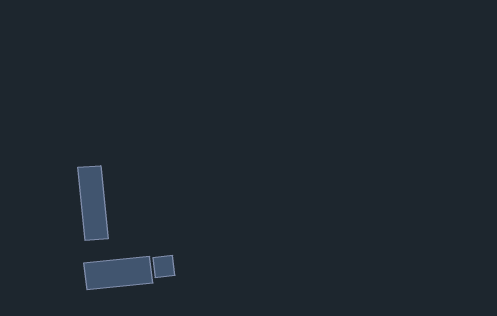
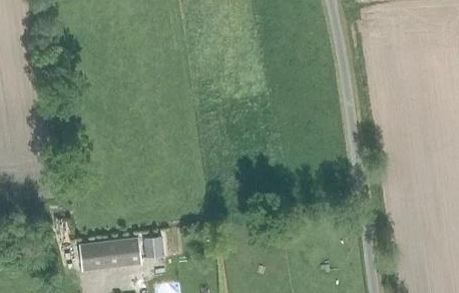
building: [78,166,108,240] -> none

